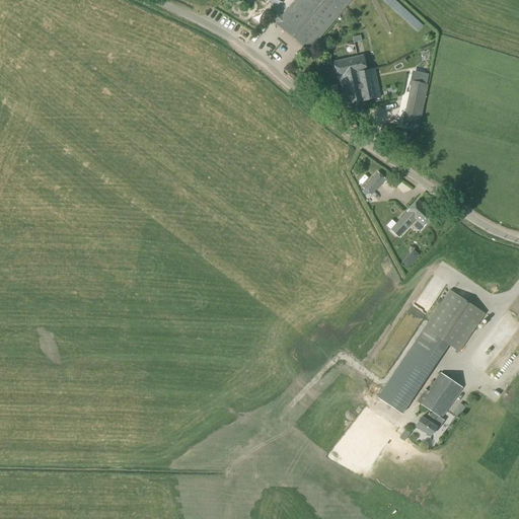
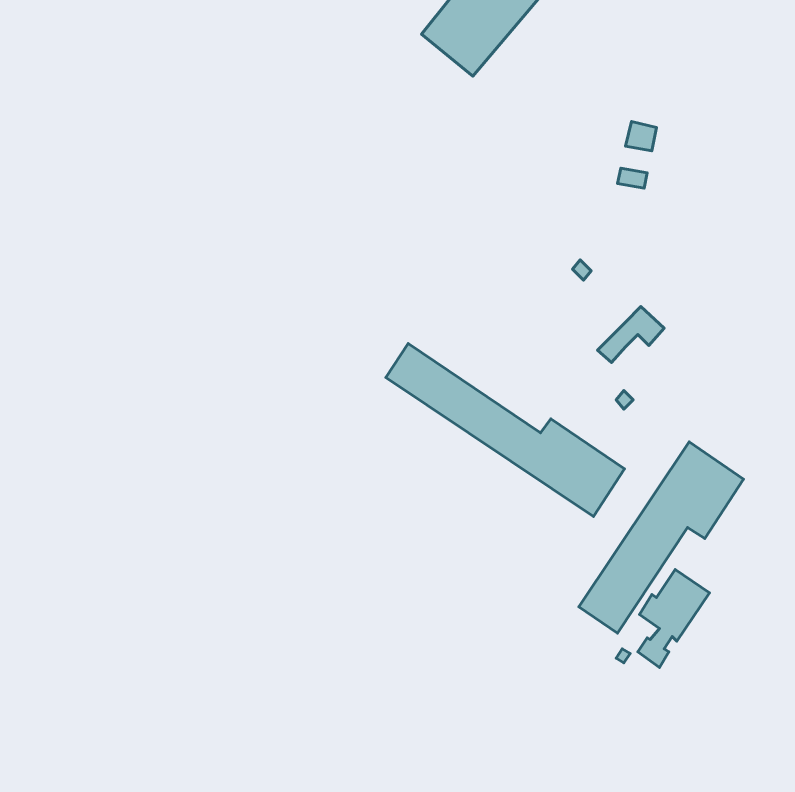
building: [333,54,379,103] -> none
building: none -> [386,344,624,517]

